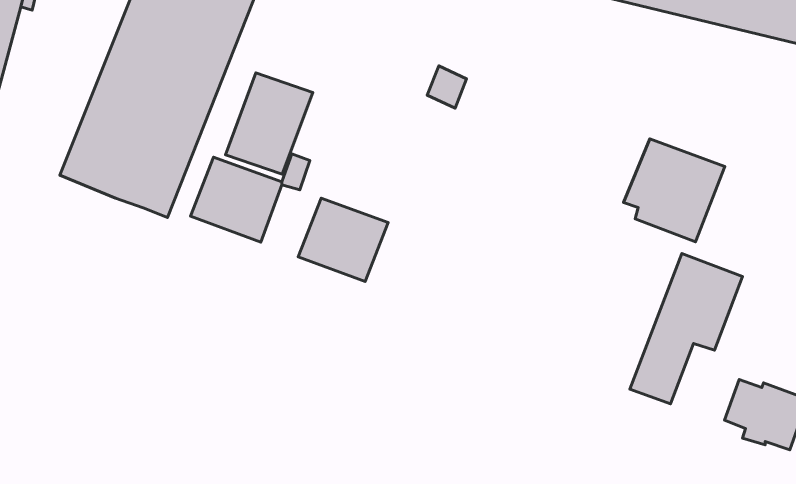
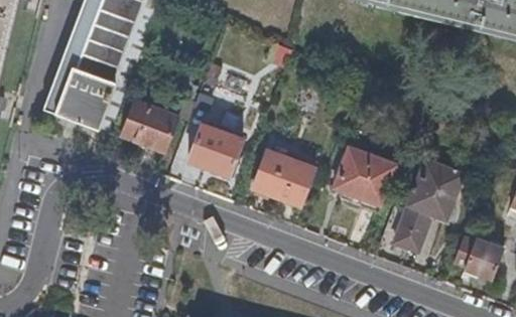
building: [226,73,313,174] -> none
building: [624,139,725,242] -> [332,151,394,214]
building: none -> [251,151,313,208]

